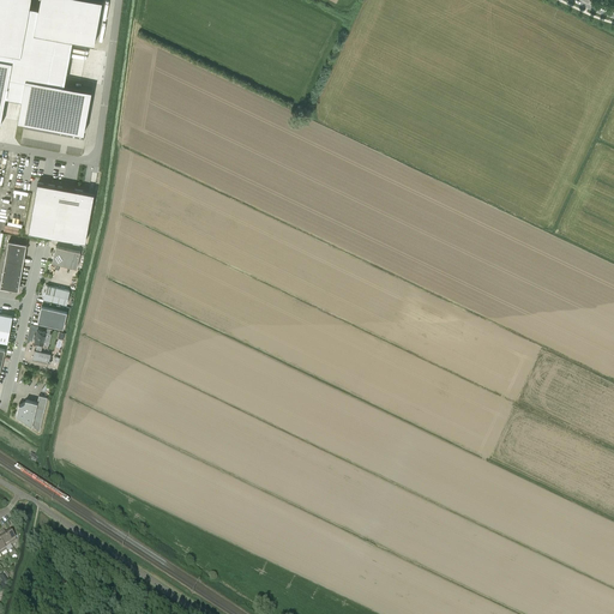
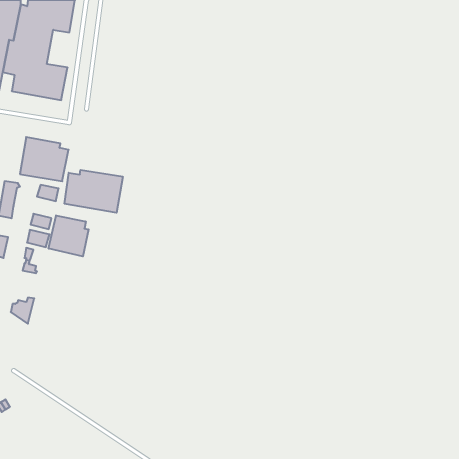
building: none -> [65,170,123,213]
building: none -> [49,215,89,256]

